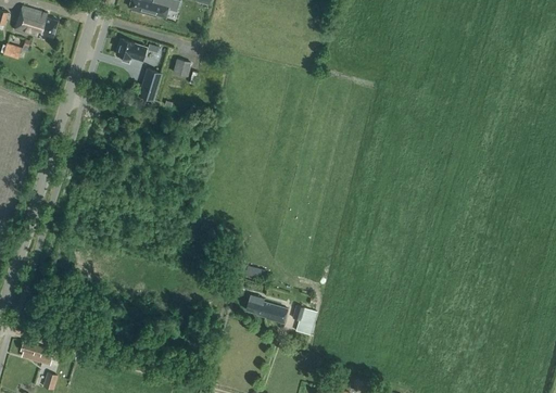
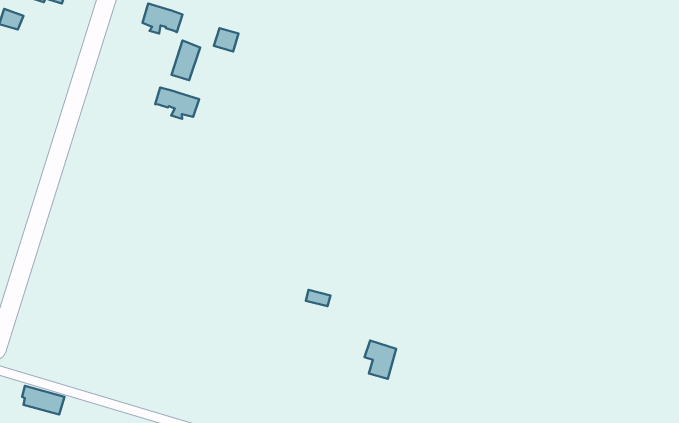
building: none -> [155,87,199,119]
building: [245,293,288,324] -> none

